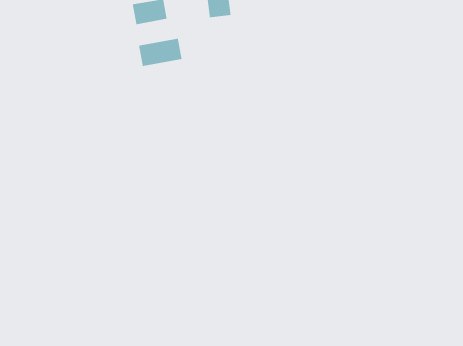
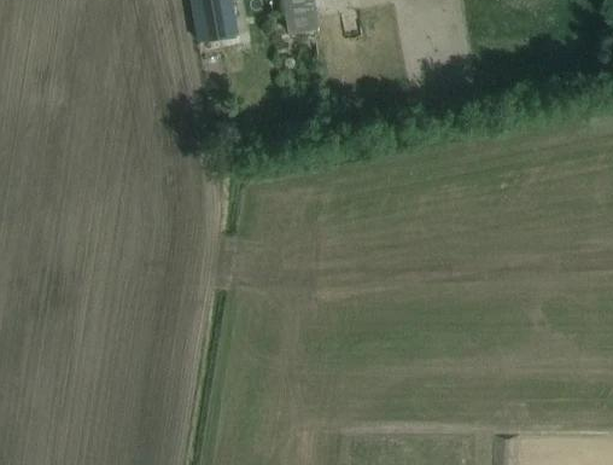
building: [138,38,183,67] -> none

